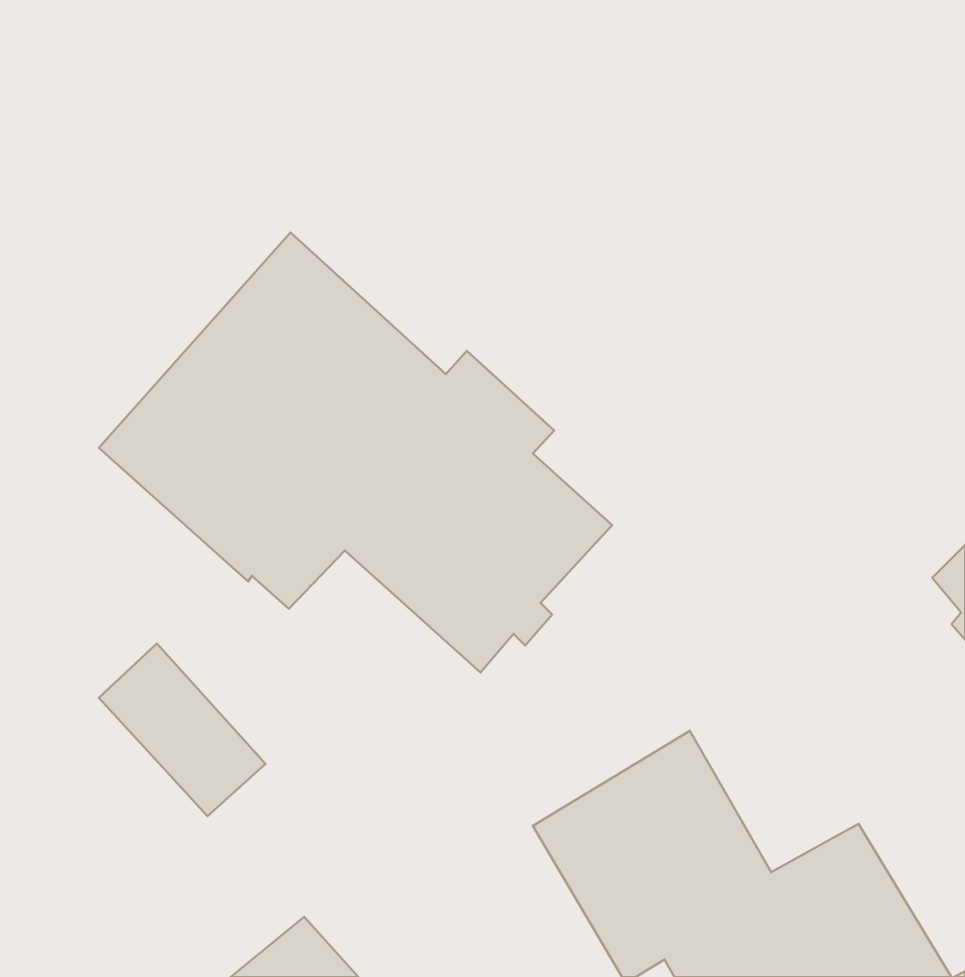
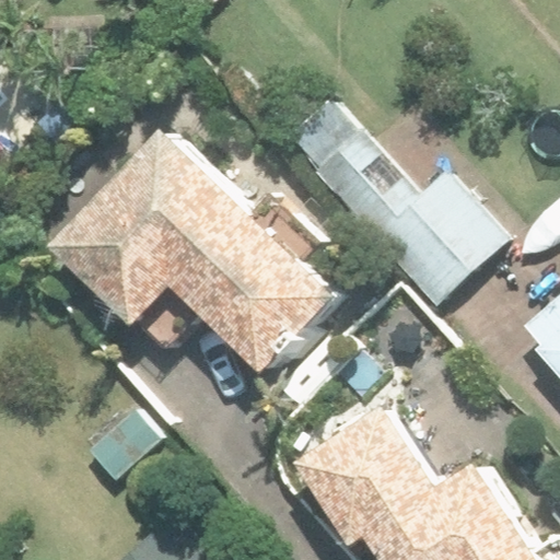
building: none -> [284,92,504,303]

